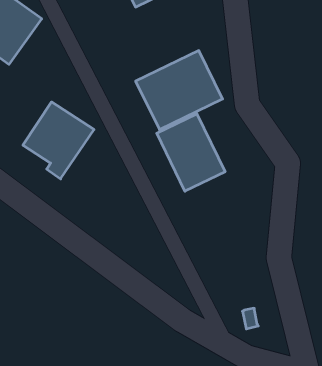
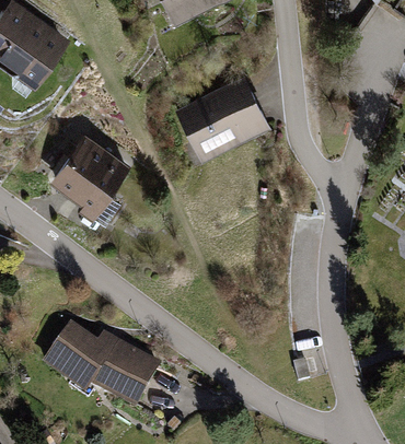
building: [157,114,225,191] -> none
building: none -> [40,322,160,408]

